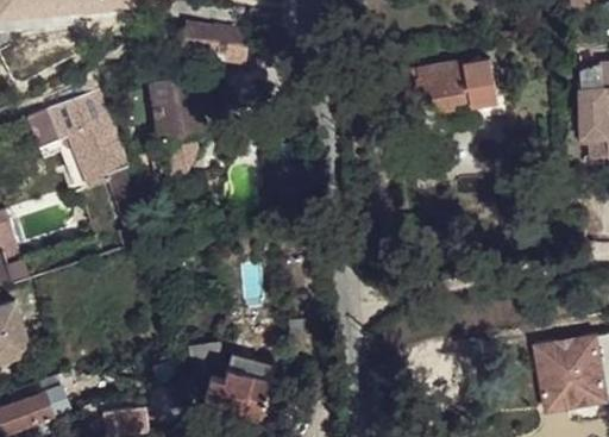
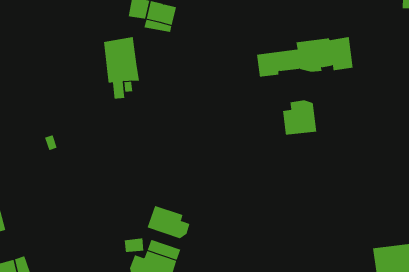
building: [24,89,143,245] -> none
building: none -> [283,100,317,135]
building: none -> [147,205,190,239]

